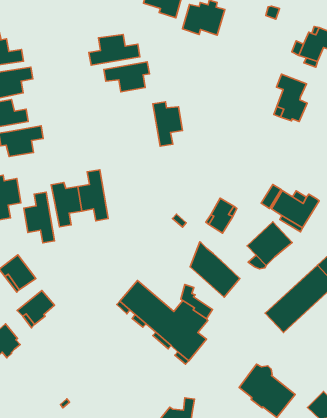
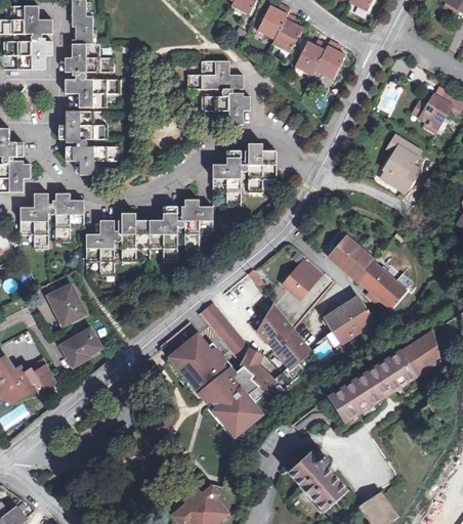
building: none -> [213,150,241,206]
building: none -> [184,199,212,248]
building: none -> [326,241,365,273]
building: none -> [200,303,246,354]

